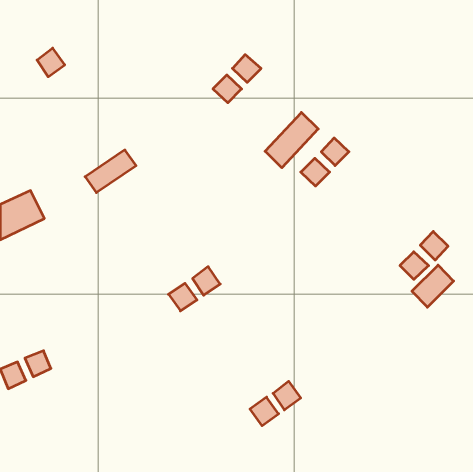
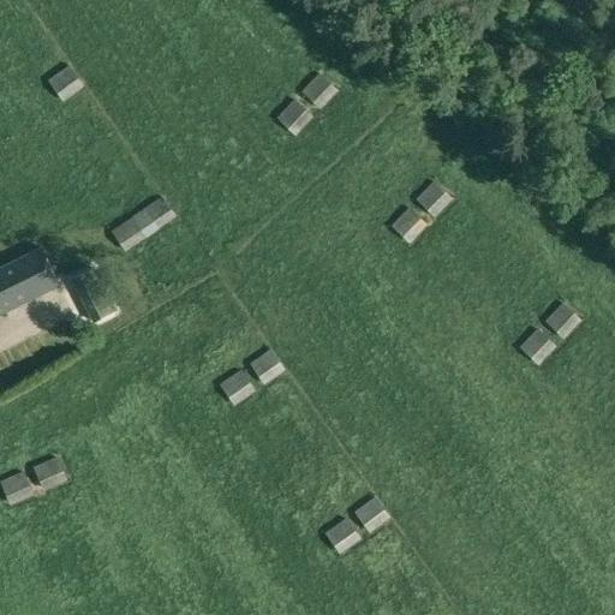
building: [265,112,318,168] -> none
building: [412,265,454,307] -> none

